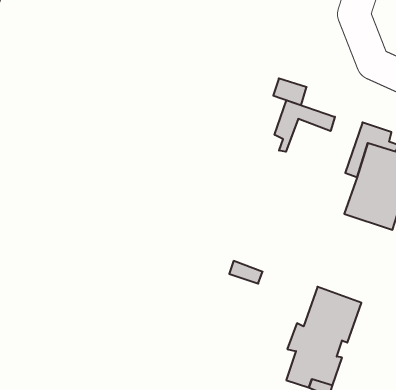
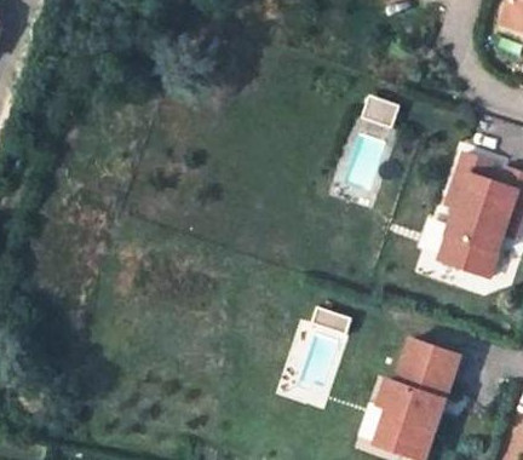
building: [275,100,335,152] -> none

